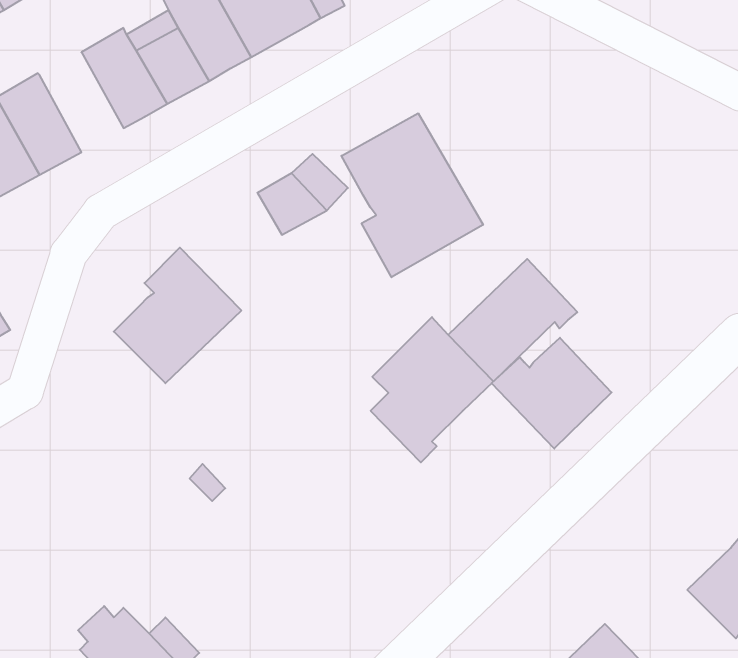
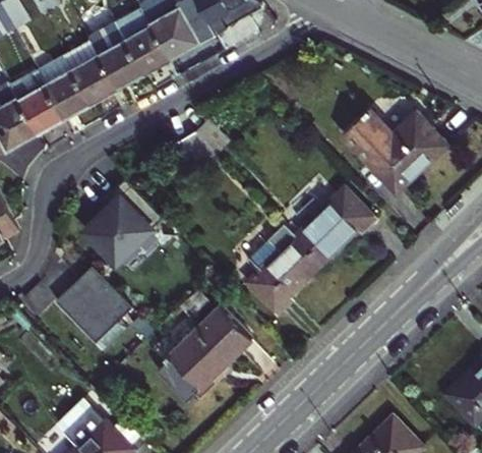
building: none -> [39,55,92,118]
building: [341,113,483,277] -> none
building: none -> [342,108,445,190]
building: [492,338,612,449] -> none
building: none -> [57,266,134,342]
building: none -> [149,303,253,405]

